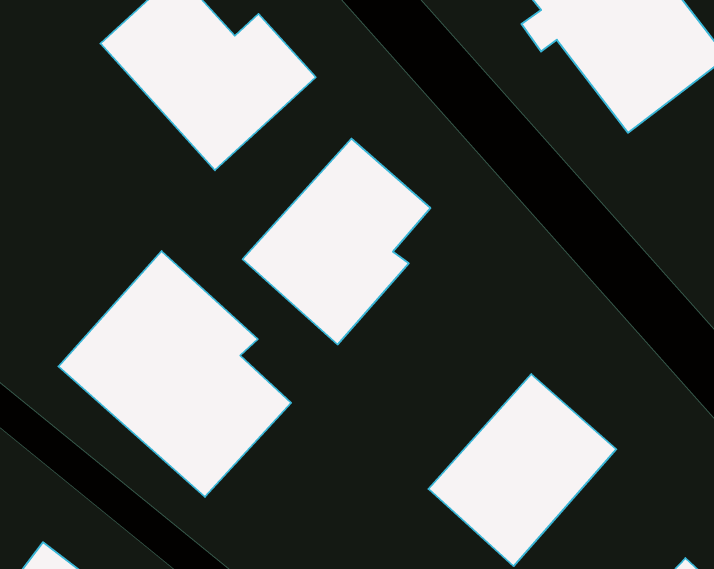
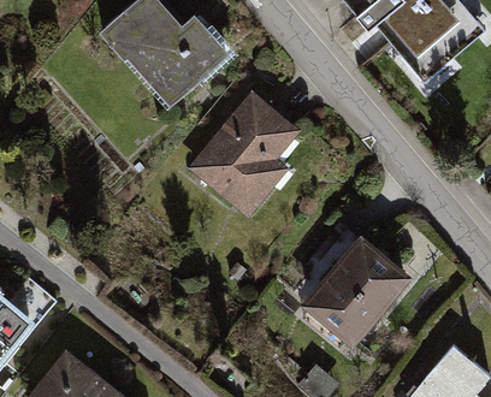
building: [58,251,291,497] -> none

